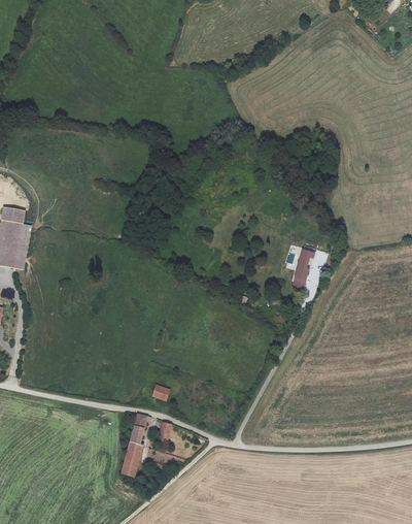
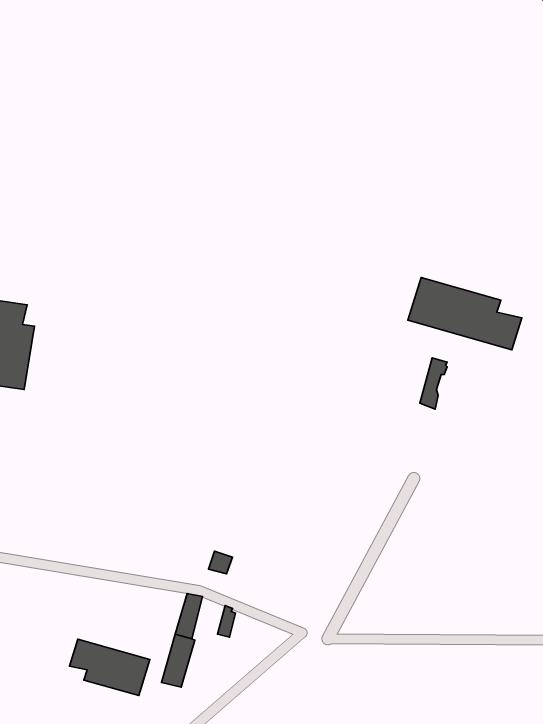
building: none -> [408,277,522,350]
building: none -> [69,639,150,696]

